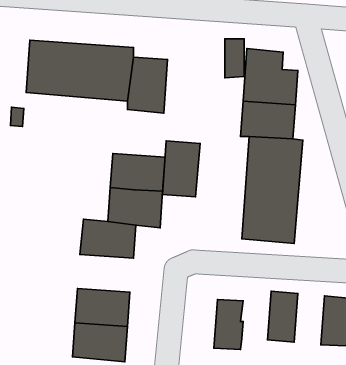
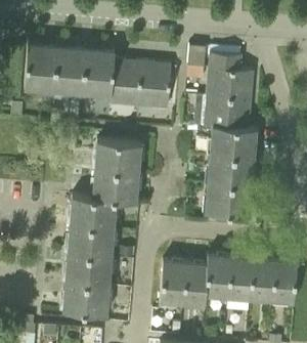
building: [163,141,200,197] -> [140,61,172,109]
building: none -> [68,225,115,257]
building: none -> [205,255,230,306]
building: none -> [250,258,275,301]
building: none -> [160,261,185,304]

